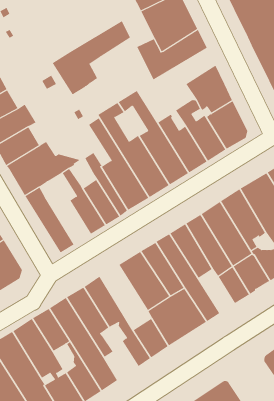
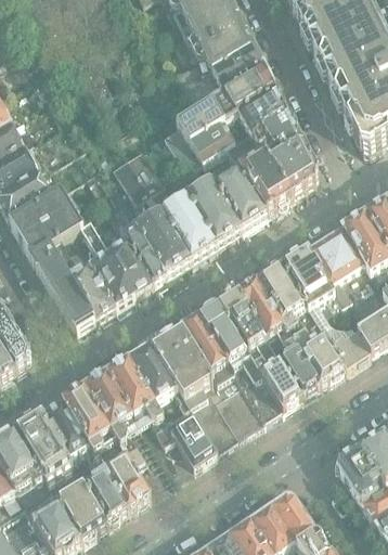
building: [52,21,131,95] -> [177,67,277,163]
building: none -> [52,238,117,319]
building: none -> [129,345,195,428]
building: none -> [255,350,301,406]

